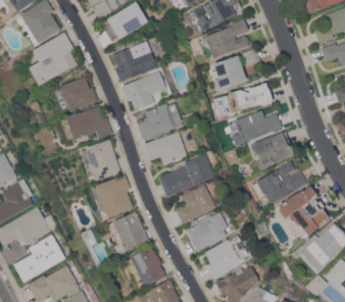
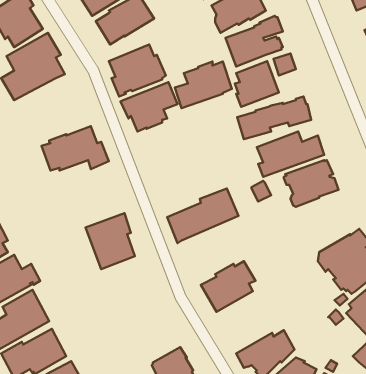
building: [52,77,98,113] -> none
building: [137,103,182,140] -> [175,62,232,108]
building: [143,132,187,164] -> none
building: [80,141,120,182] -> none
building: [251,161,307,205] -> none
building: [175,186,215,224] -> none
building: [109,211,149,253] -> none
building: [203,238,244,280] -> none
building: [127,247,165,288] -> none

